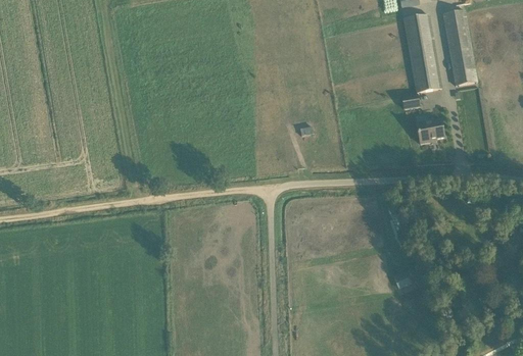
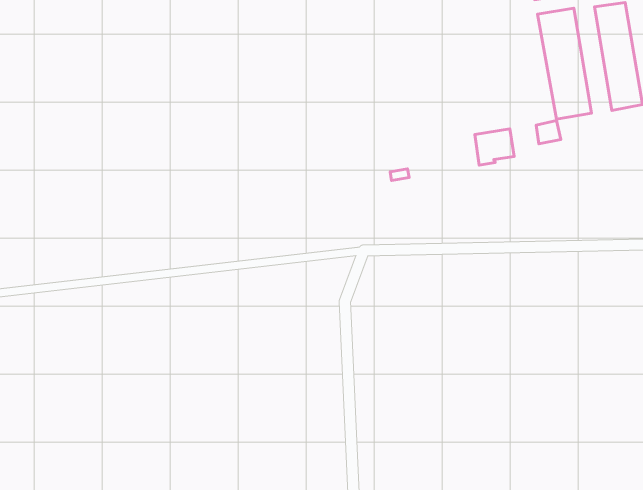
building: [416,117,443,143] -> [475,129,514,165]

